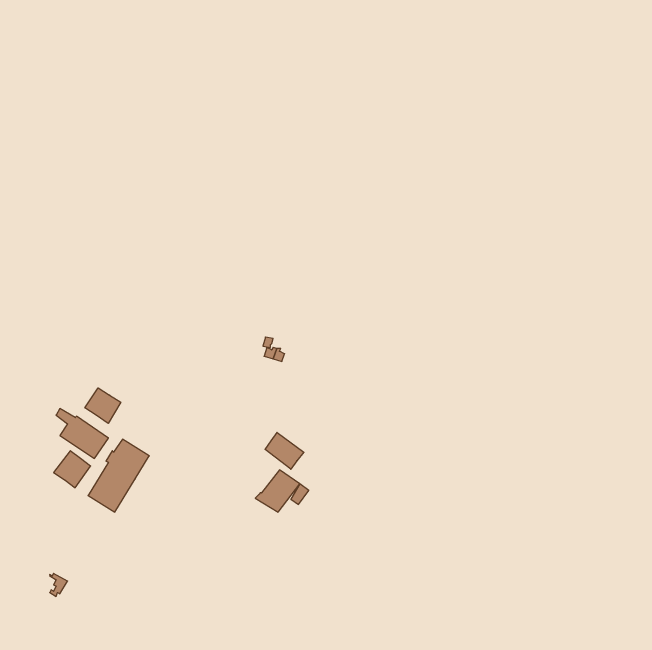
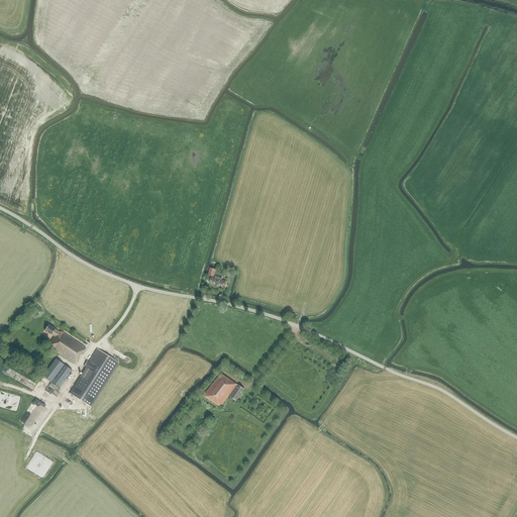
building: [85,388,121,423] -> none
building: [265,432,304,469] -> none

